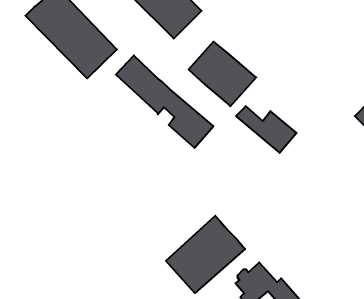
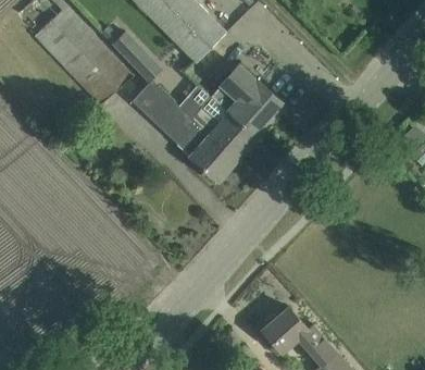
building: none -> [101,25,161,82]
building: [236,106,297,153] -> [190,107,257,158]
building: [166,216,245,293] -> none

